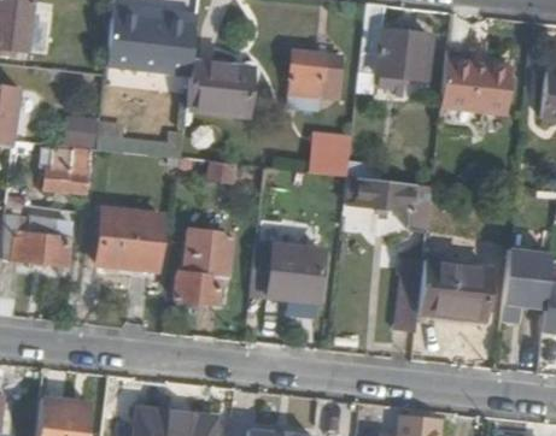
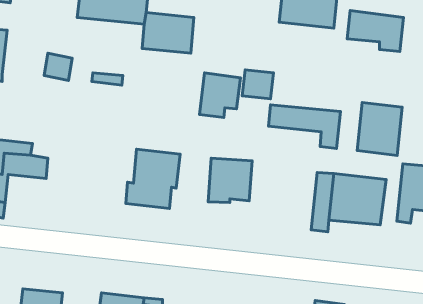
building: [286,55,336,111] -> [200,73,240,117]
building: [52,146,90,192] -> none
building: none -> [357,102,402,155]
building: [96,210,163,272] -> none

